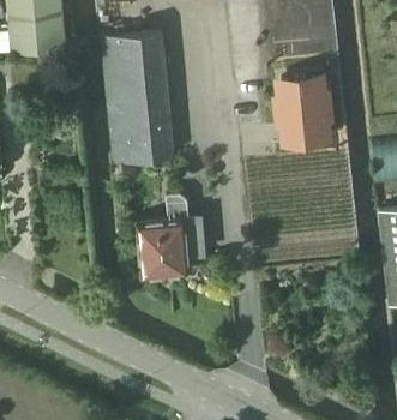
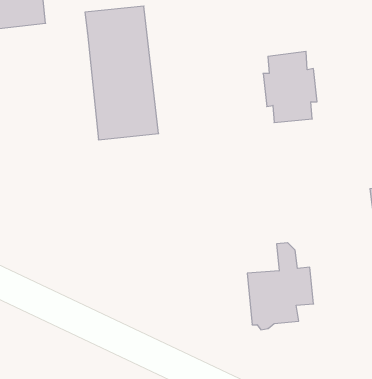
building: [140,194,205,280] -> [247,243,314,330]

